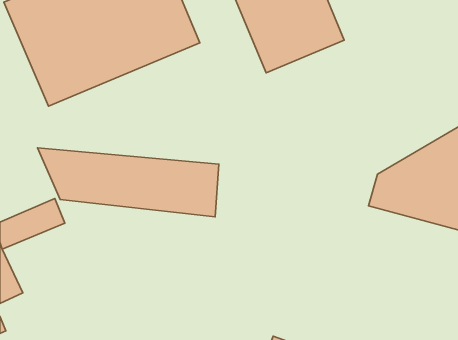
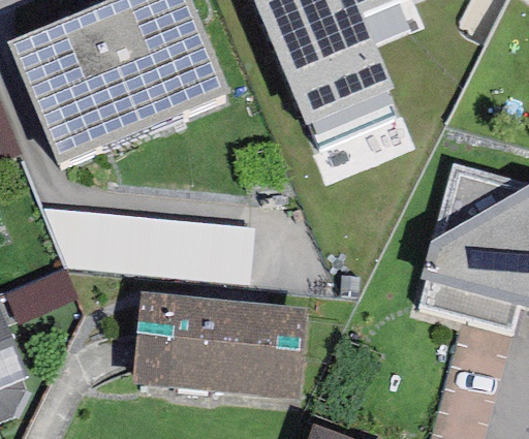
building: none -> [133,291,307,401]

